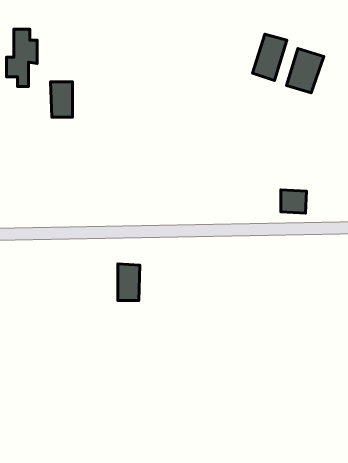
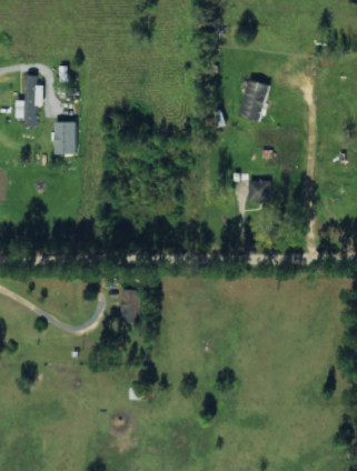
building: [287,48,324,93] -> none
building: [281,190,307,213] -> [244,179,267,200]

